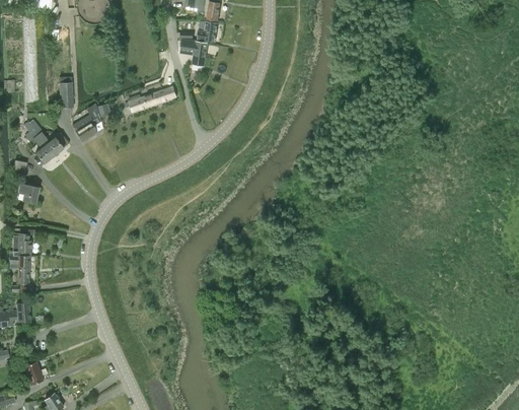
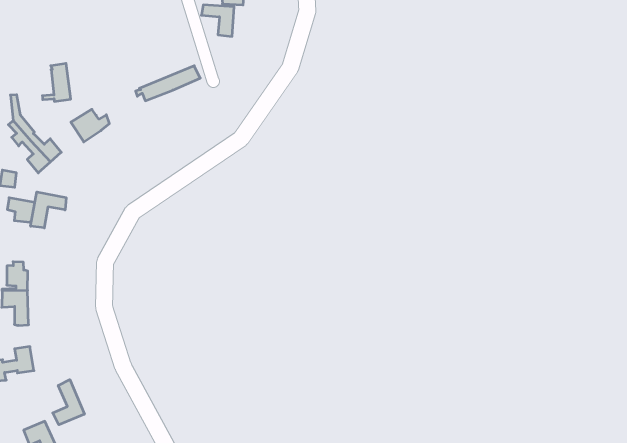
building: none -> [31,192,66,228]
building: none -> [53,380,84,425]

